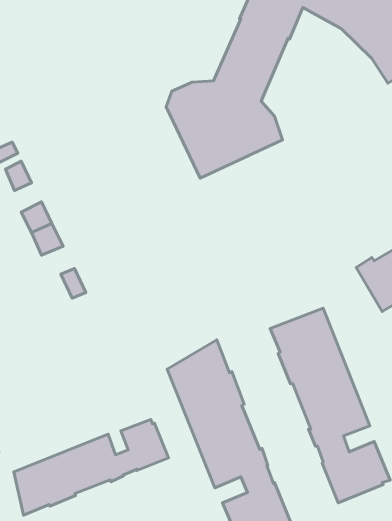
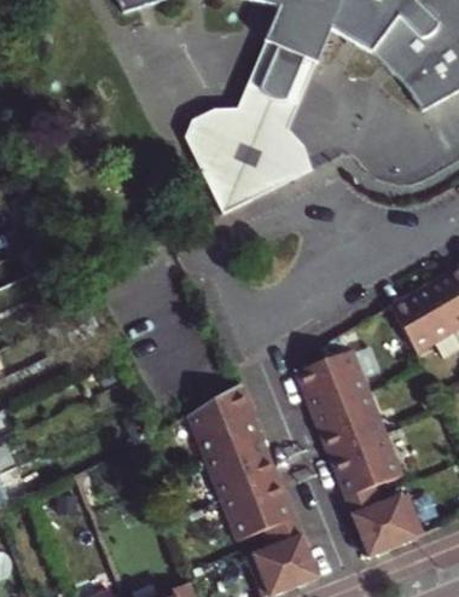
building: [14,419,168,515] -> none

